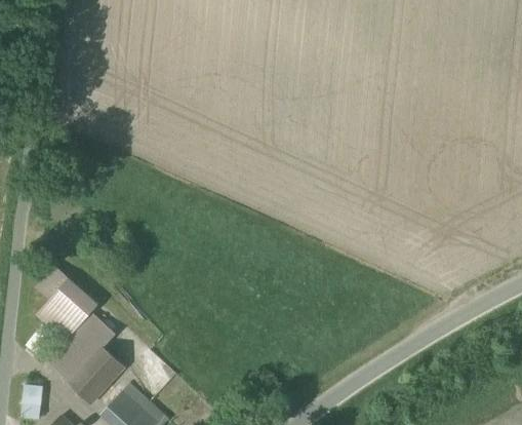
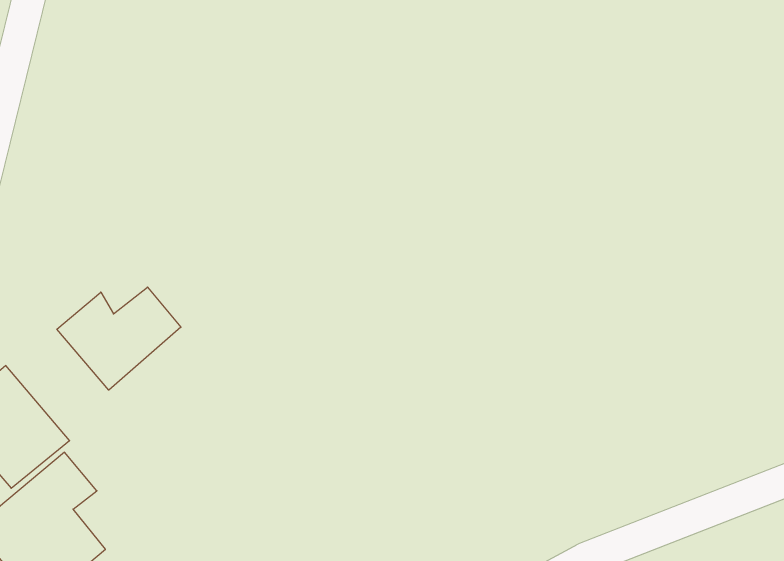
building: none -> [57,287,181,390]

